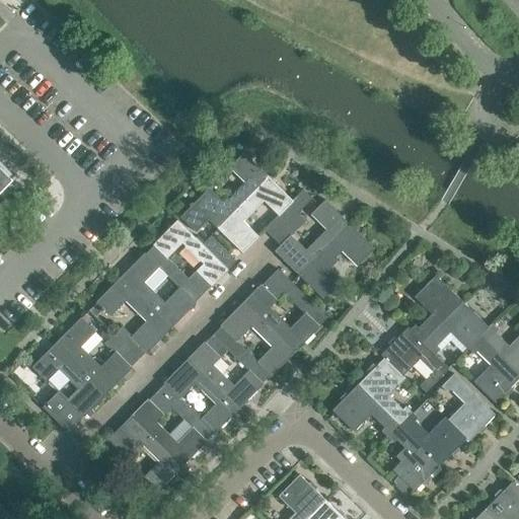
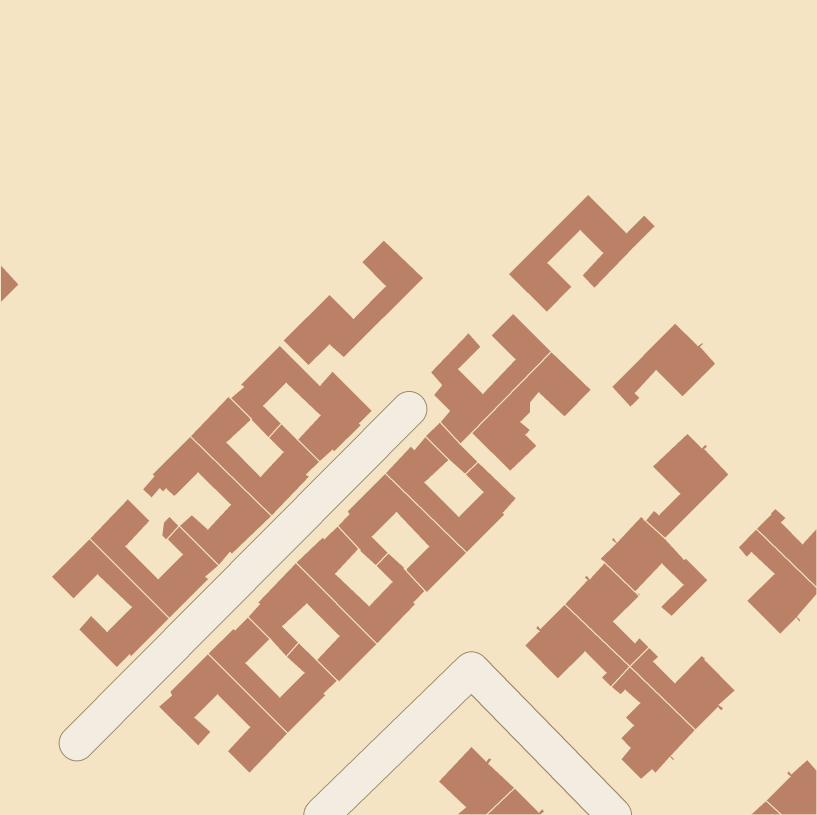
building: [218,176,311,251] -> [508,194,655,312]
building: [422,301,489,355] -> [611,323,717,408]
building: [441,373,495,441] -> none

